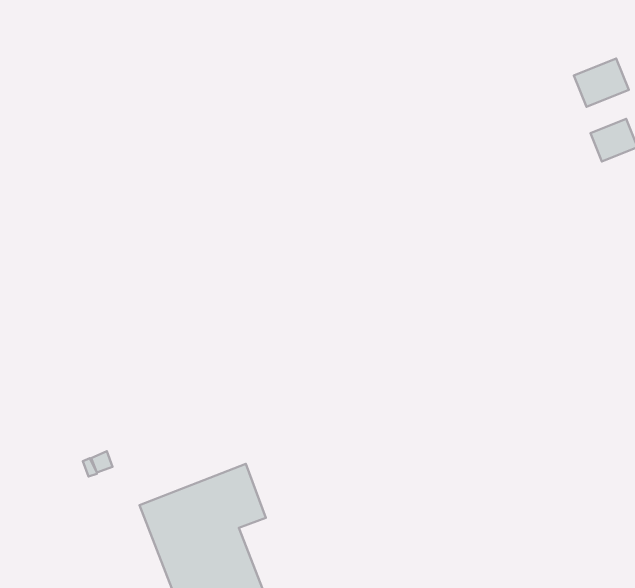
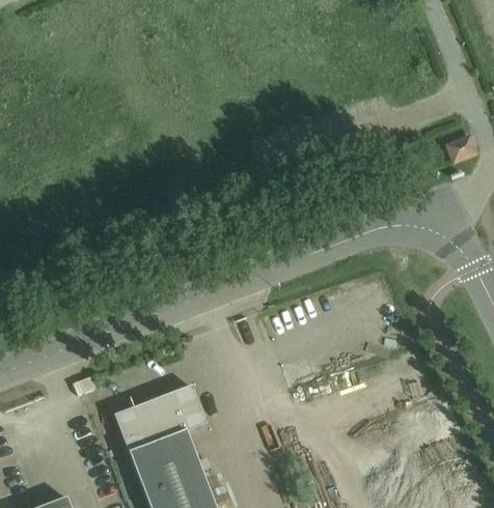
building: [574,59,629,107] -> none

